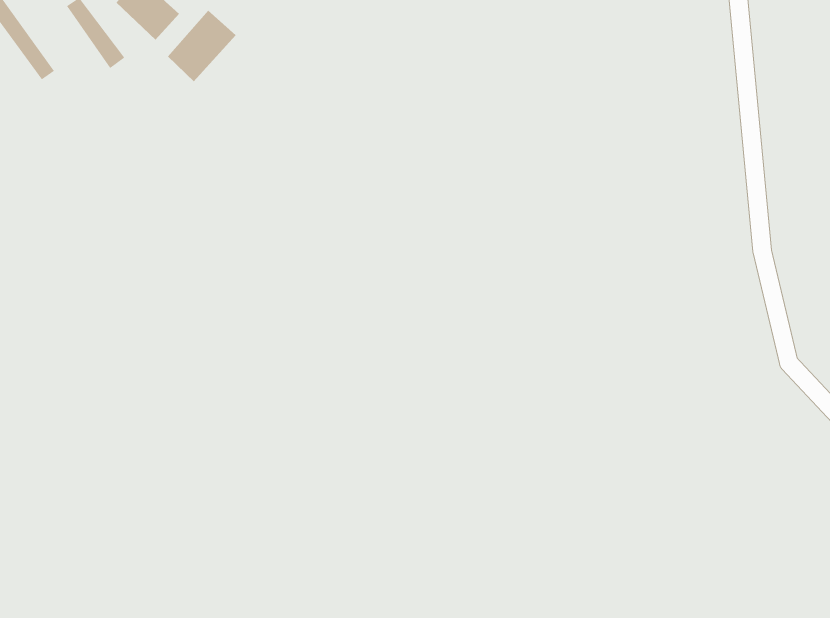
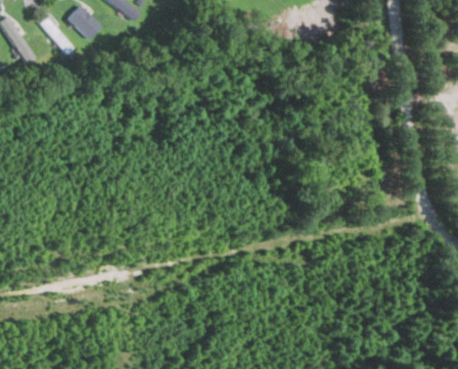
building: [167,10,237,82] -> none

